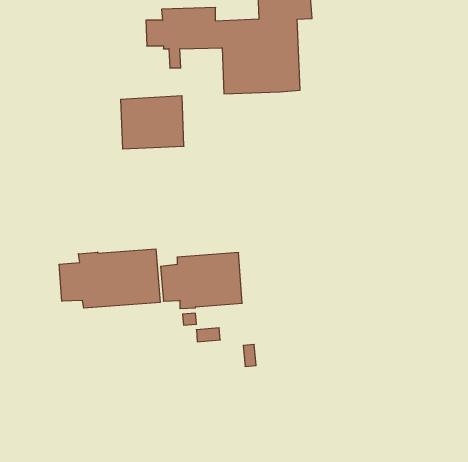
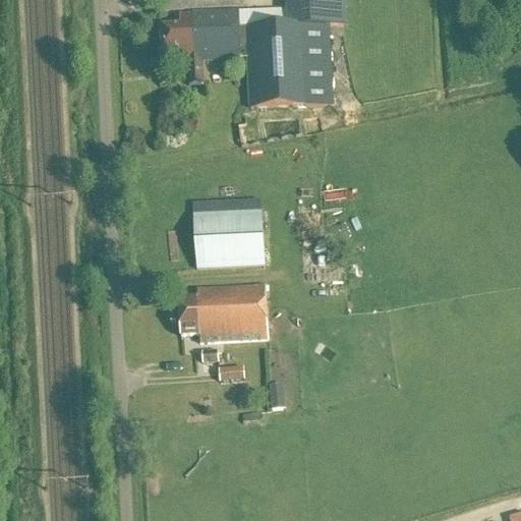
building: [121,96,184,149] -> [193,207,264,266]
building: [59,249,160,308] -> none

